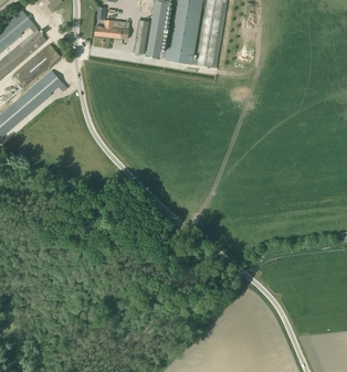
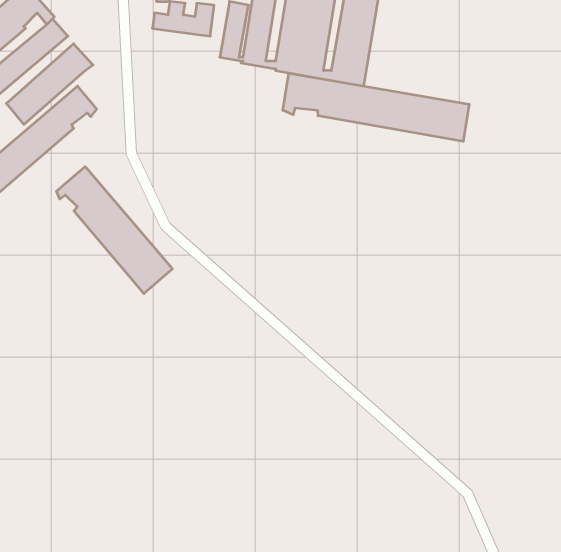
building: none -> [283,73,469,141]
building: none -> [57,167,172,294]

